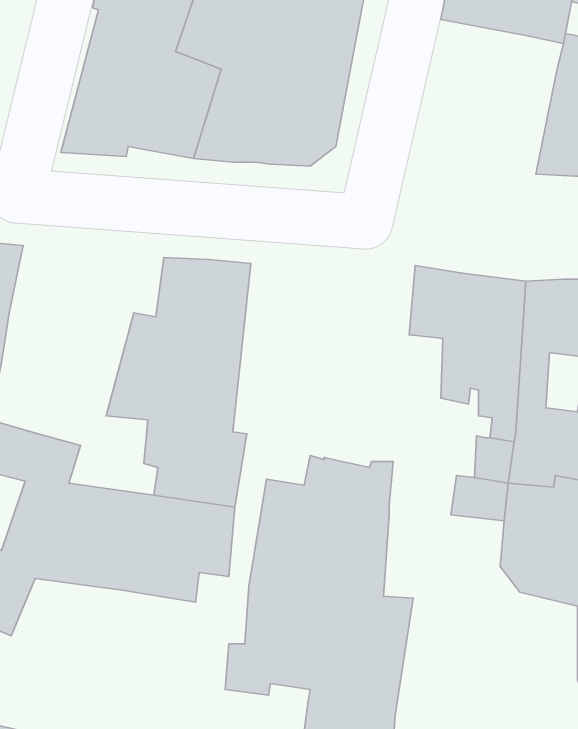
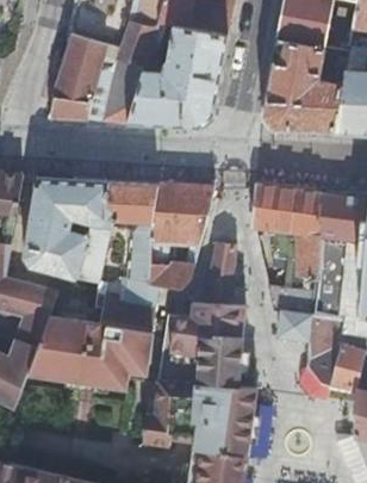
building: none -> [260,38,344,131]
building: none -> [21,177,107,278]
building: none -> [149,184,216,291]
building: none -> [204,244,238,308]

